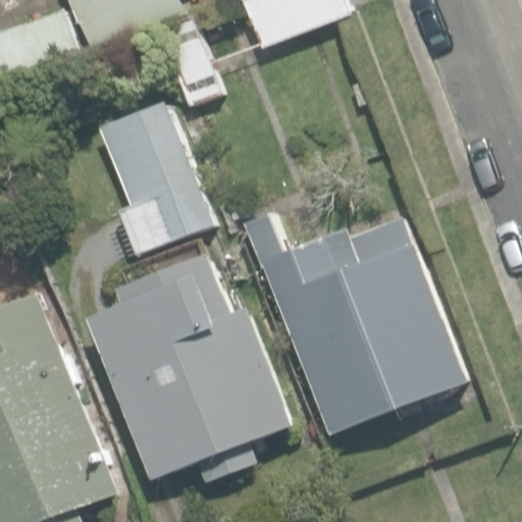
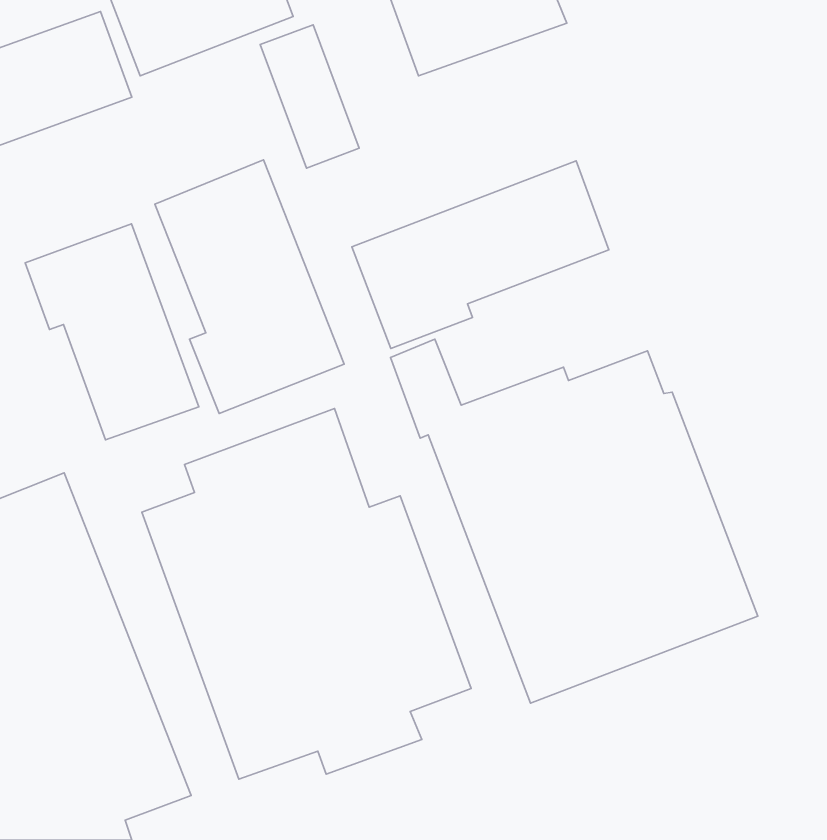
building: none -> [352,161,609,348]
building: none -> [25,224,199,440]

